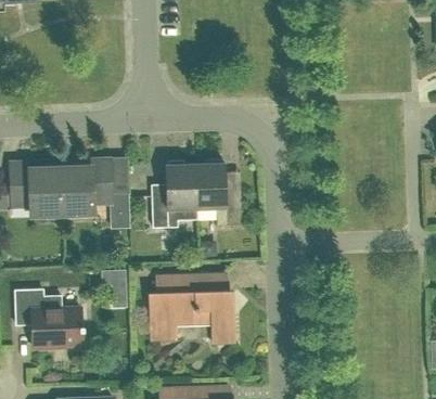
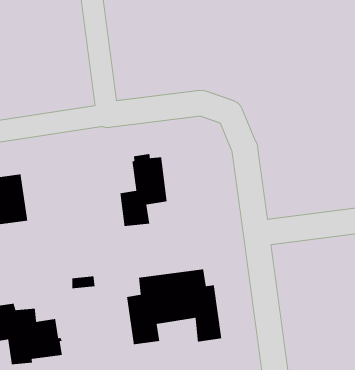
building: [194,159,241,226] -> none
building: [60,160,128,214] -> none

